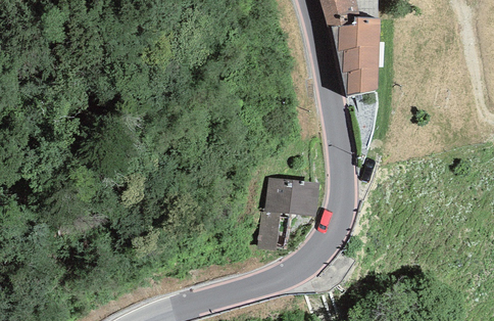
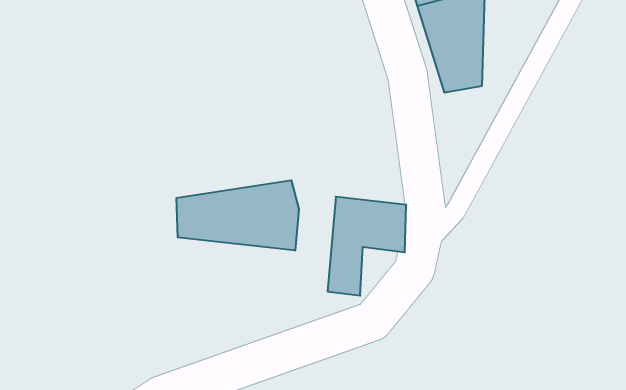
building: none -> [177,180,299,251]

